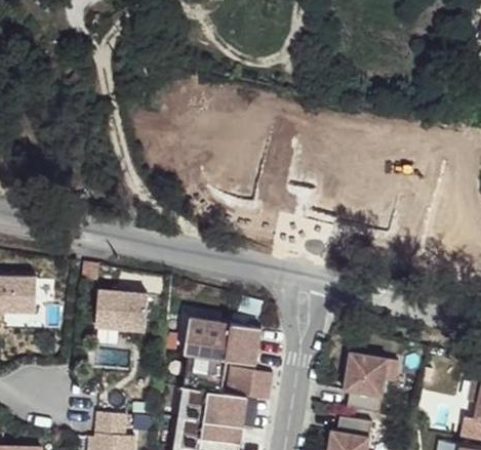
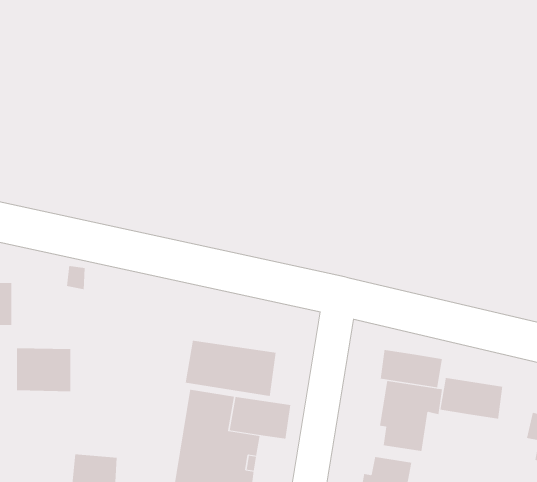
building: [101,293,147,330] -> [16,348,71,392]
building: none -> [380,349,443,388]
building: none -> [440,377,503,419]

